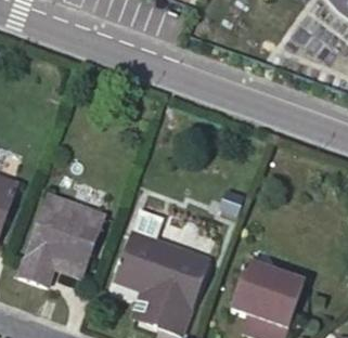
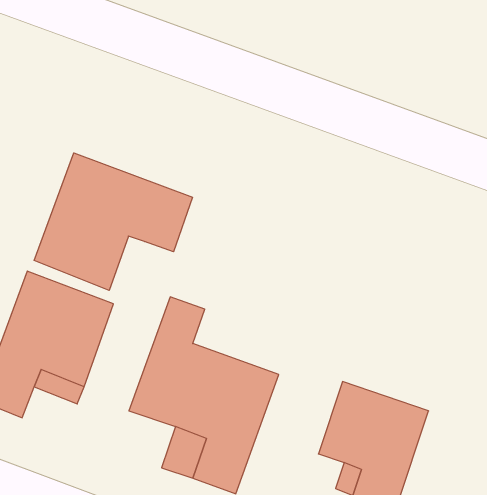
building: none -> [34,153,193,290]

